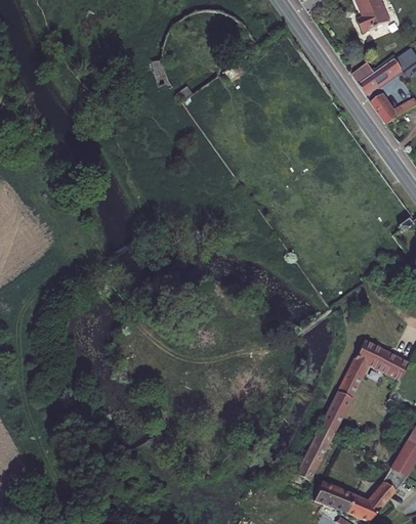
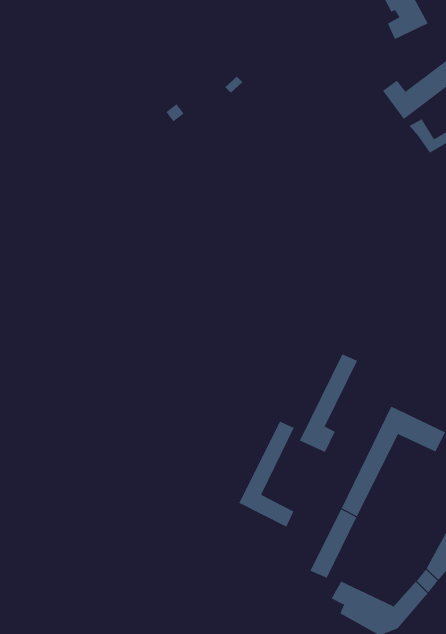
building: none -> [299,353,358,453]
building: none -> [239,421,295,527]

